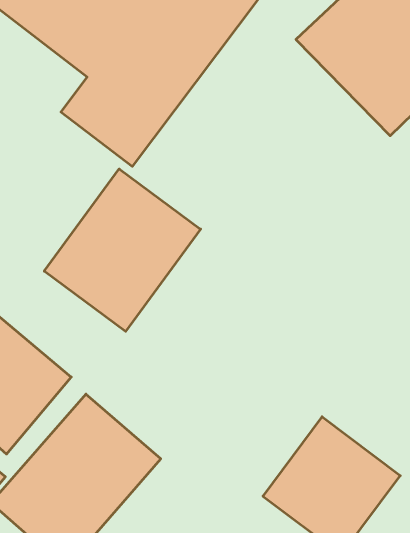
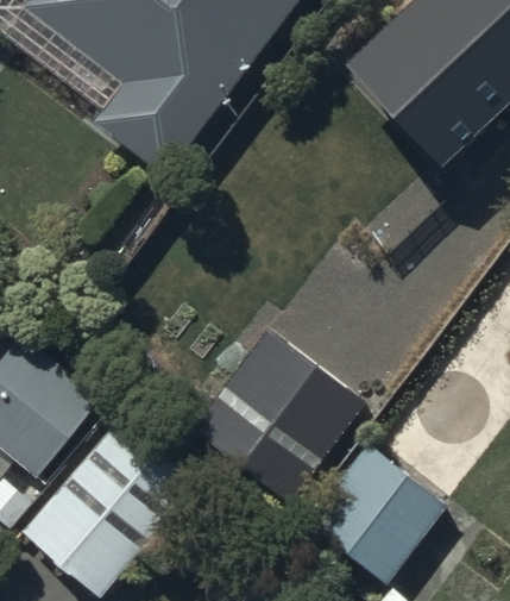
building: [44,169,201,331] -> none
building: none -> [189,320,361,490]

